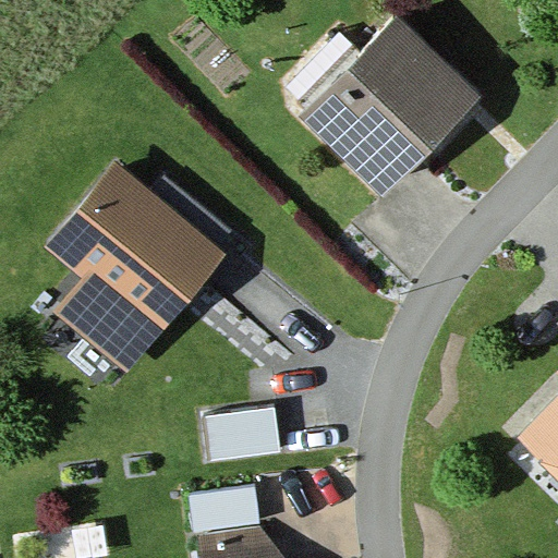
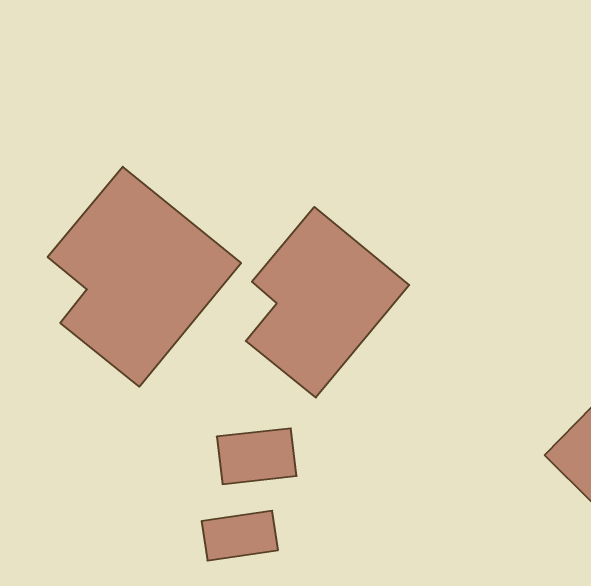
building: [303,16,476,189] -> none
building: none -> [246,207,409,398]

